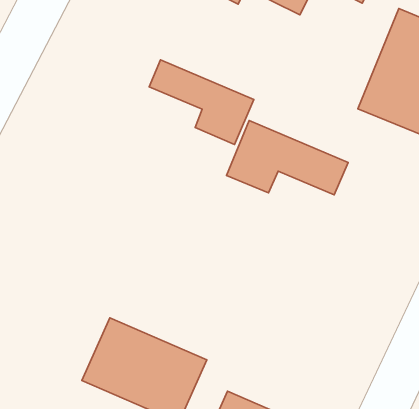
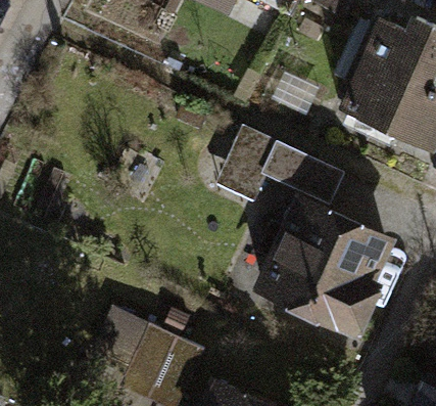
building: [149,60,254,145] -> none
building: none -> [265,202,391,323]

